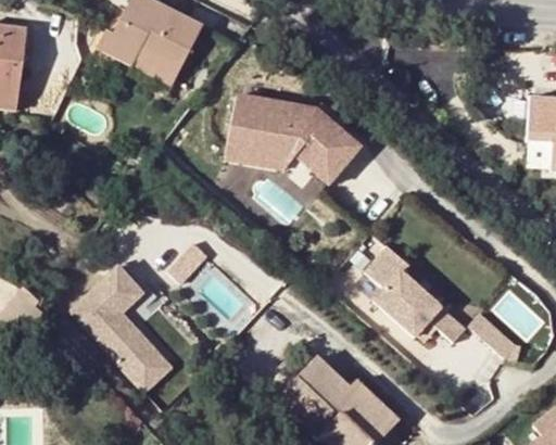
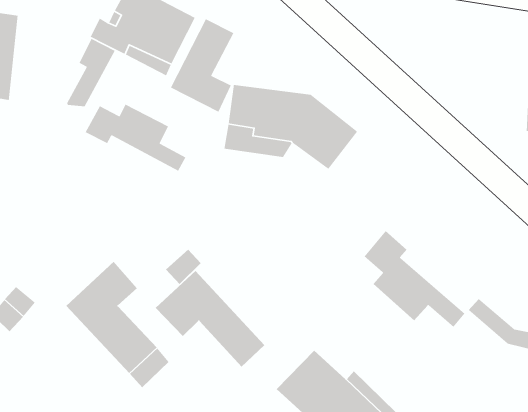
building: none -> [170,18,234,113]
building: none -> [66,38,116,107]
building: none -> [84,103,187,172]
building: none -> [155,270,265,368]

